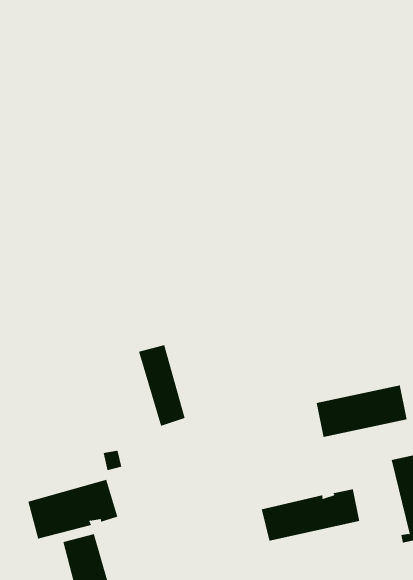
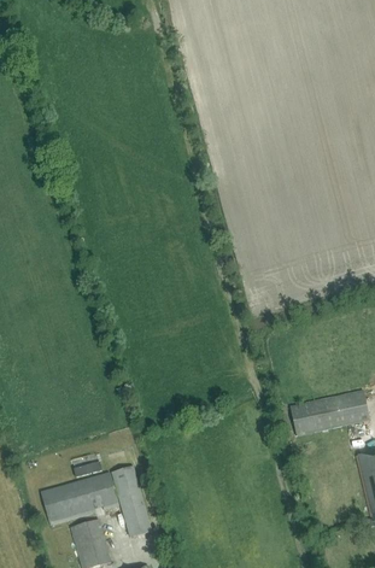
building: [138,344,186,427] -> [110,465,151,537]
building: [261,489,360,541] -> none

